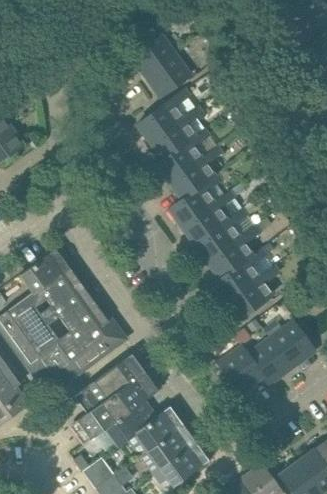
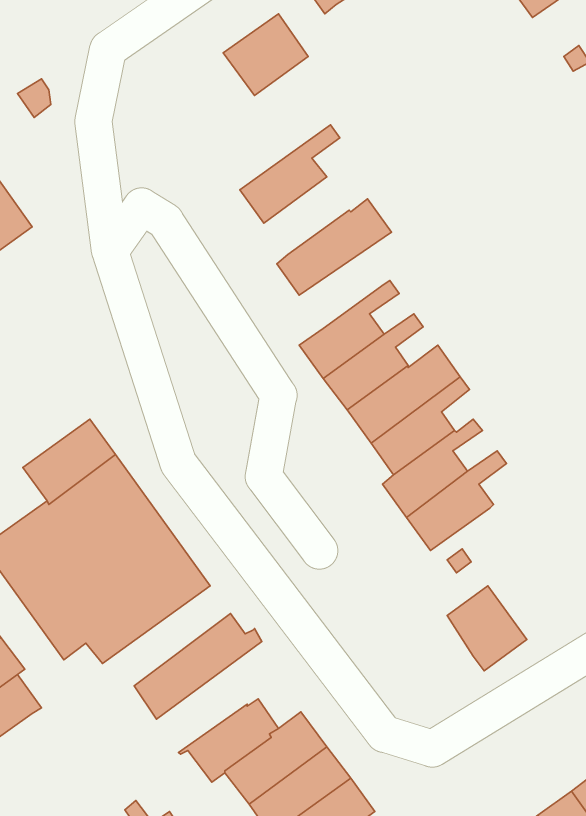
building: [144,52,190,97] -> none
building: [149,106,203,159] -> none
building: [168,147,222,199] -> none
building: [270,321,315,367] -> none
building: [218,346,262,392] -> none
building: [74,368,160,441] -> none

